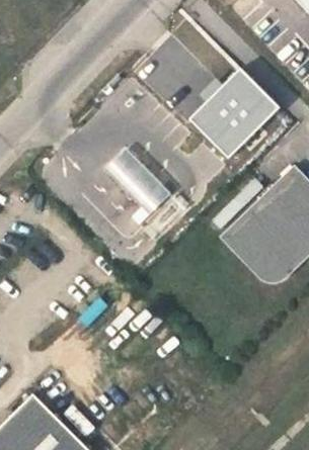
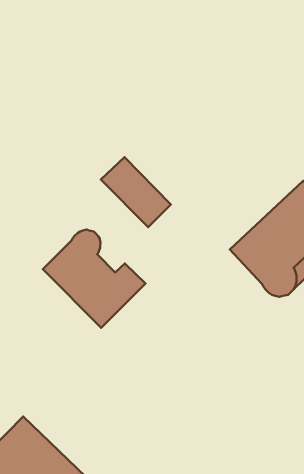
building: [189,69,281,160] -> none
building: none -> [43,230,145,328]

